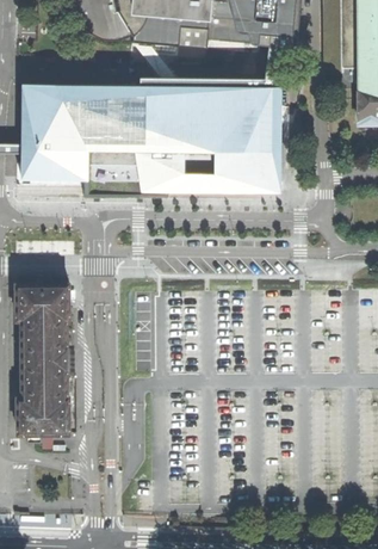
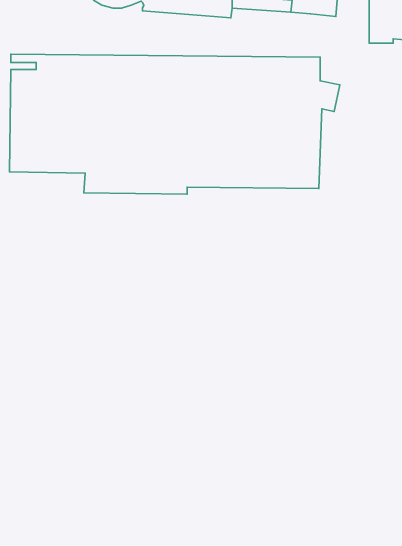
building: [19,284,73,442] -> none

